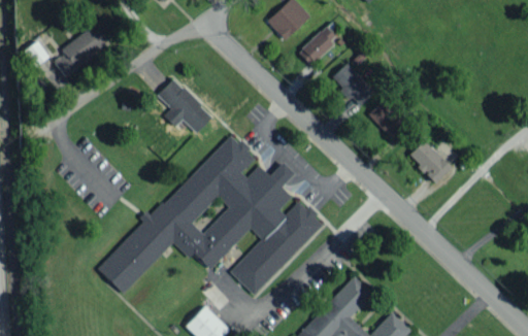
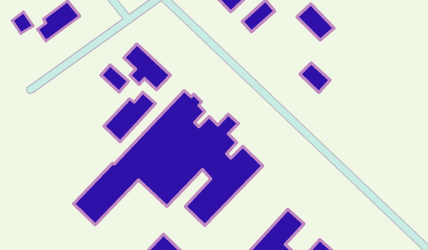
building: [331,63,375,106] -> [297,4,334,40]
building: none -> [101,65,129,92]
building: none -> [104,92,155,142]
building: [408,140,451,182] -> none

